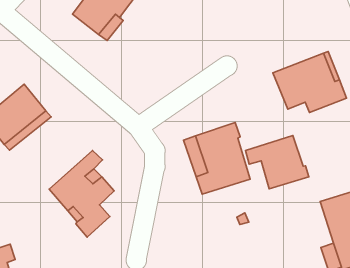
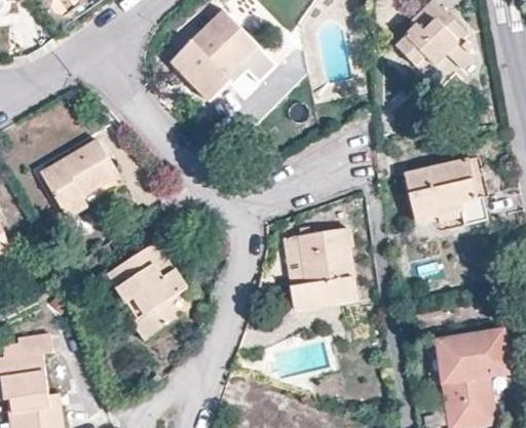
building: [245,136,309,189] -> none

